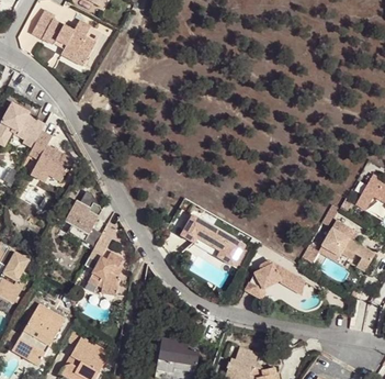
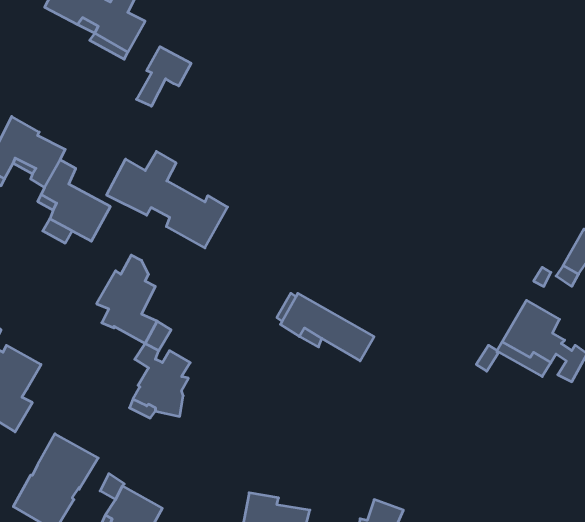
building: none -> [136,47,191,106]
building: none -> [107,151,228,248]
building: [246,260,306,298] -> none

